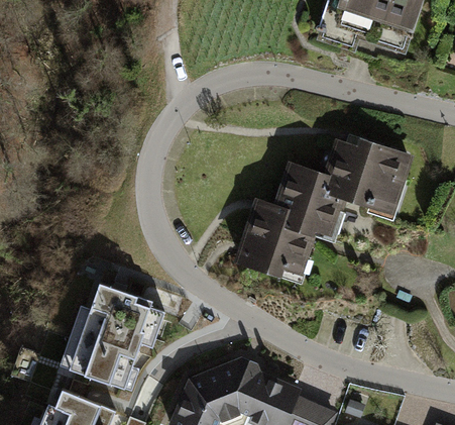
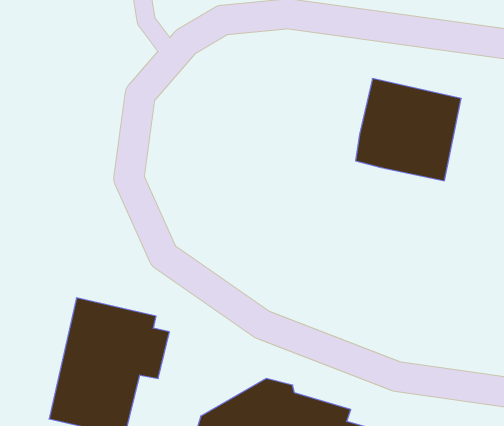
building: [233,162,345,285] -> none

